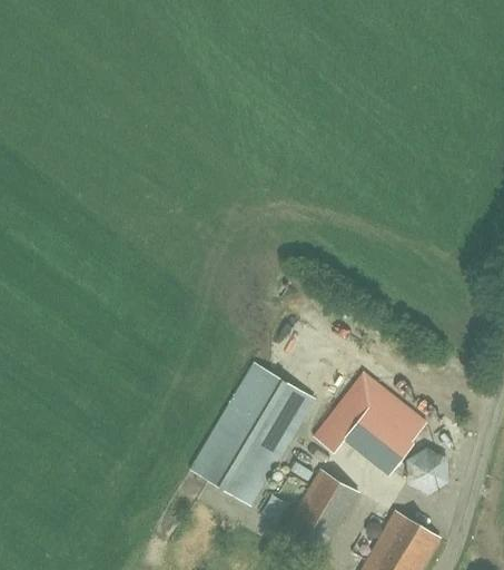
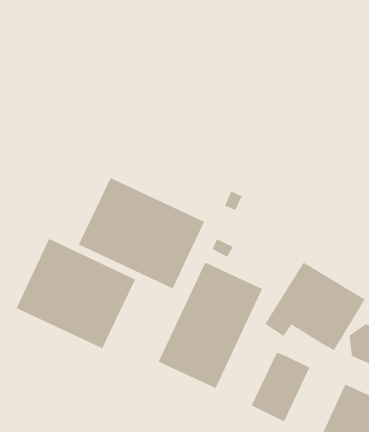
building: none -> [78,177,205,289]
building: none -> [16,238,136,349]

